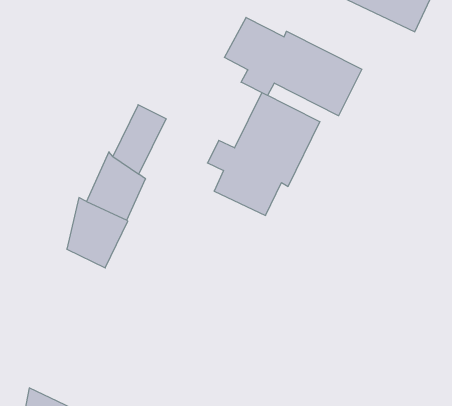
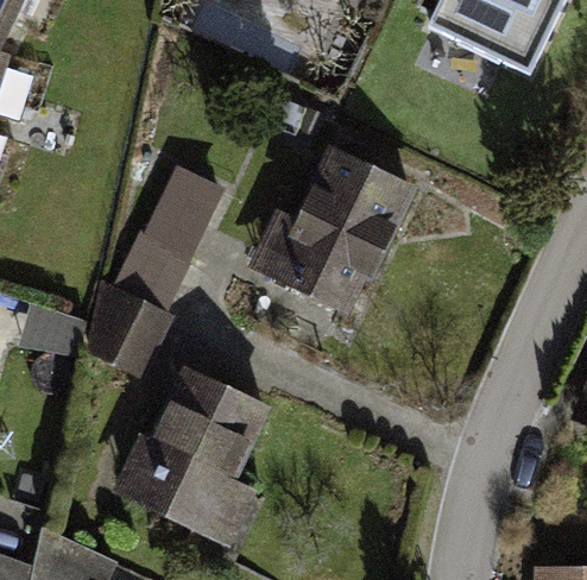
building: [224,17,362,116] -> none
building: none -> [130,373,264,529]

